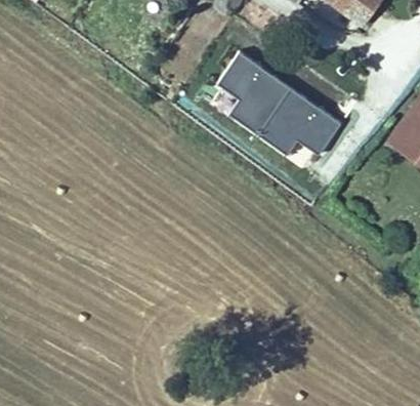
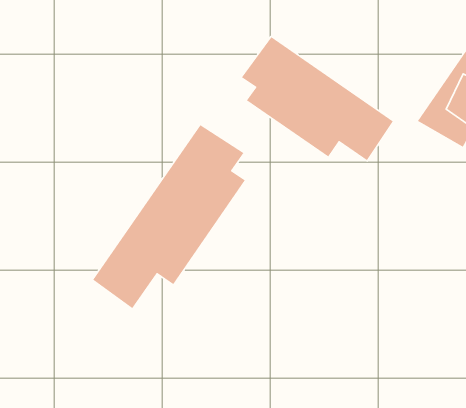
building: none -> [92,124,246,309]

